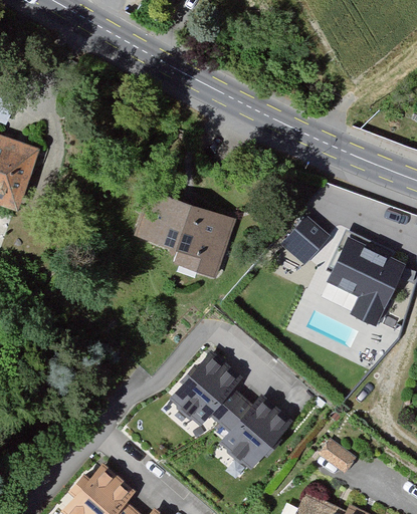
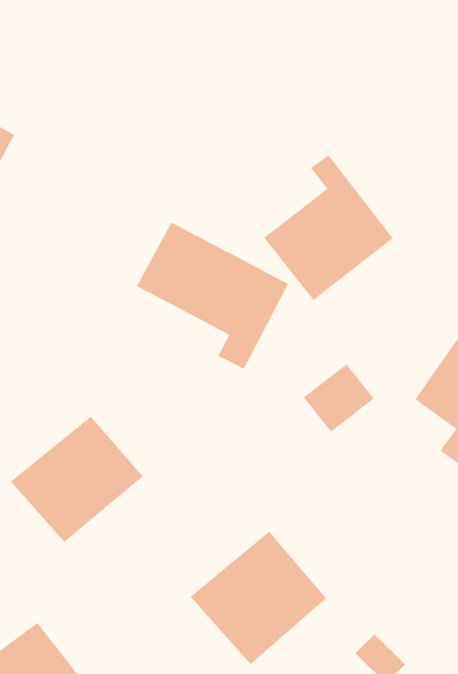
building: none -> [264,154,394,301]
building: [283,216,331,263] -> [303,364,374,433]
building: [161,349,248,436] -> [10,416,144,542]

